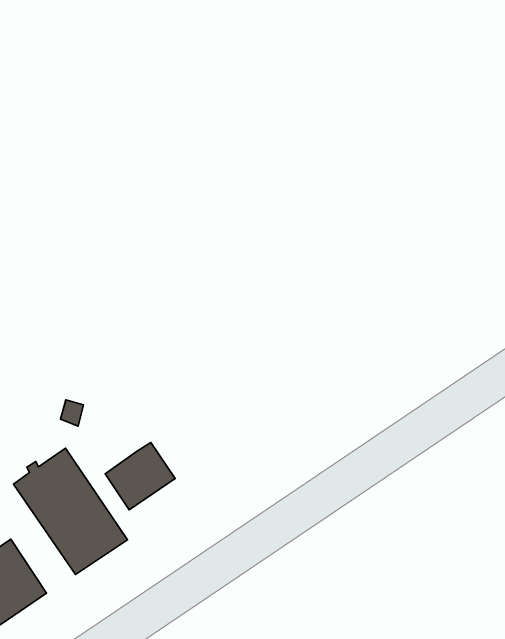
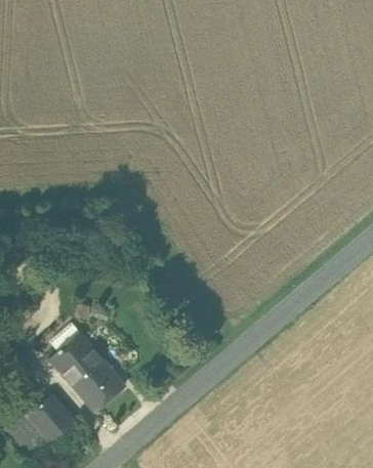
building: [105,442,175,510] -> none

